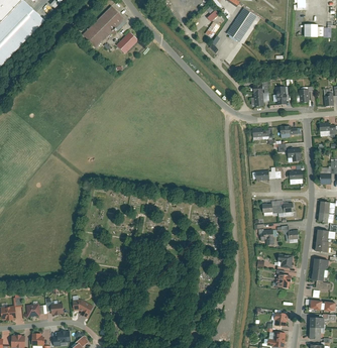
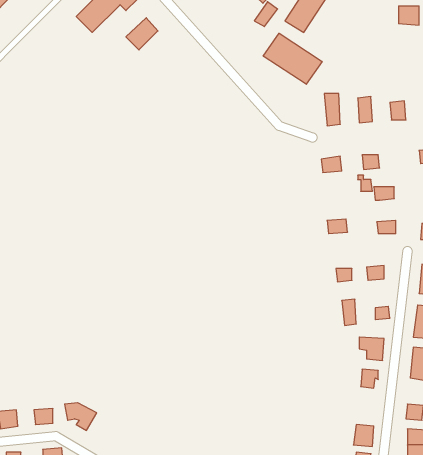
building: none -> [263,33,322,84]

